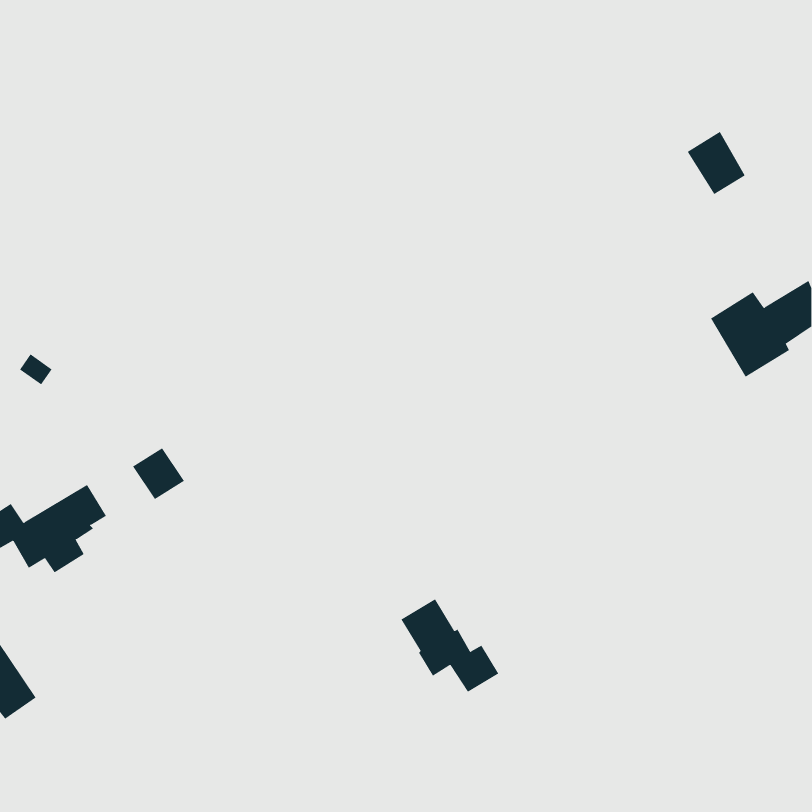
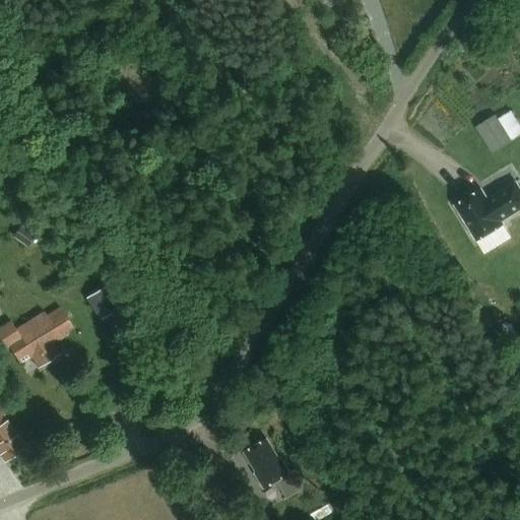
building: [687,131,746,195] -> [474,112,512,152]
building: [401,599,499,693] -> [244,437,307,497]

